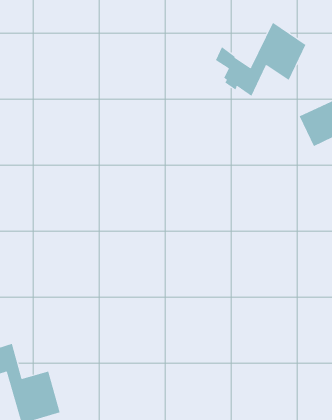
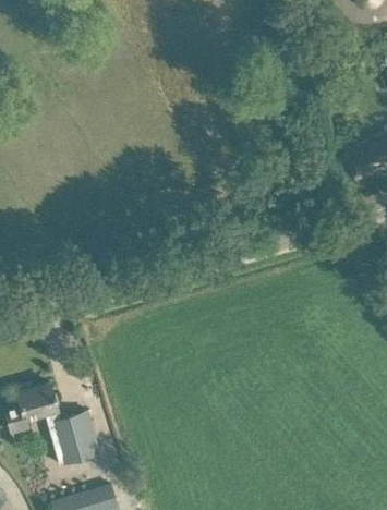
building: [215,22,306,97] -> none

